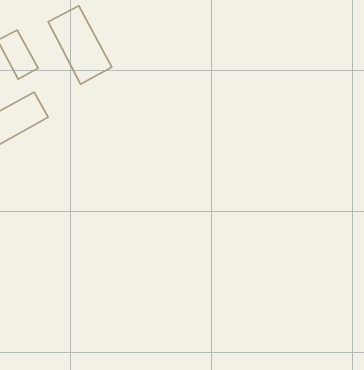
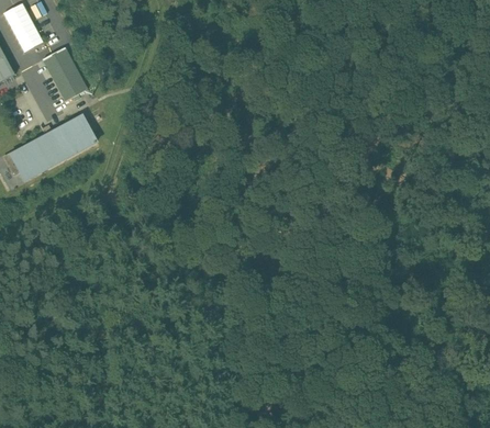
building: [48,6,112,84] -> none

